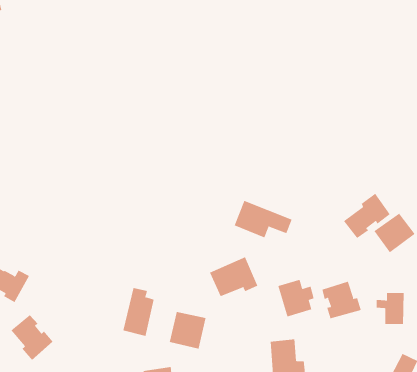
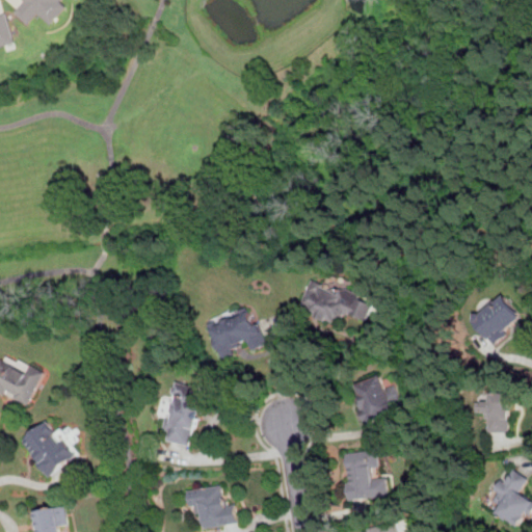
building: [343,193,391,239] -> none
building: [209,257,258,297] -> [205,307,265,356]
building: [322,281,361,319] -> none
building: [169,311,206,349] -> none

